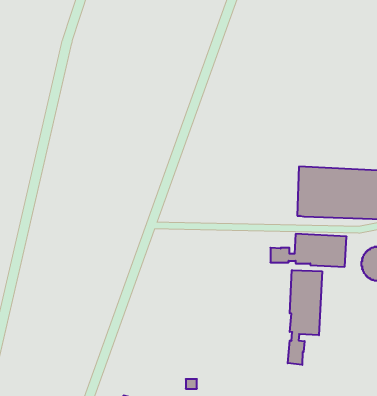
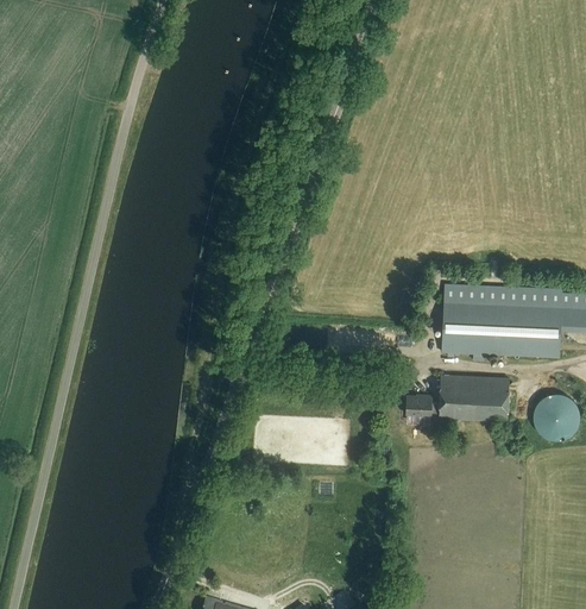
building: [288,270,322,365] -> none

